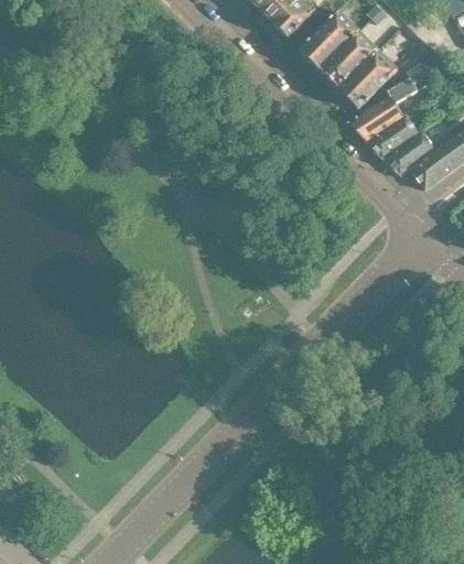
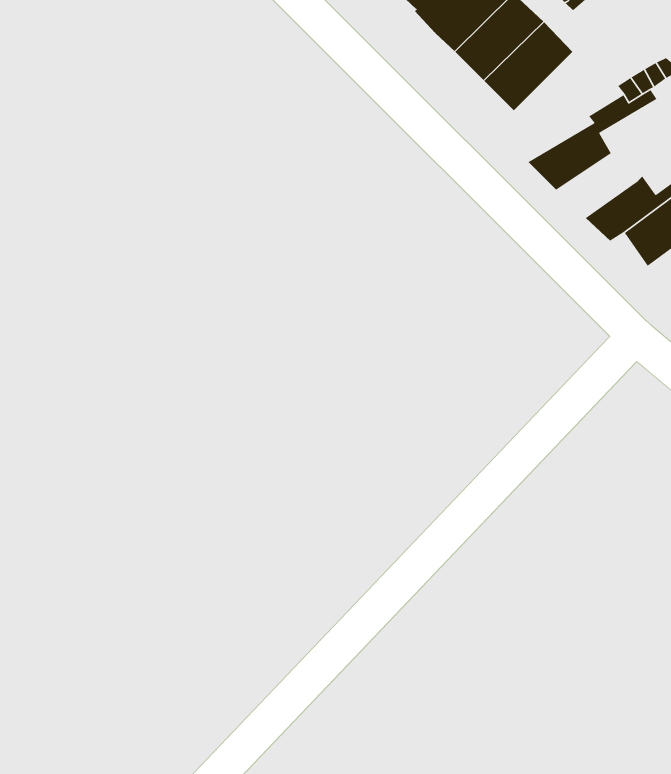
building: [339,50,398,108] -> none
building: [367,107,423,158] -> none

